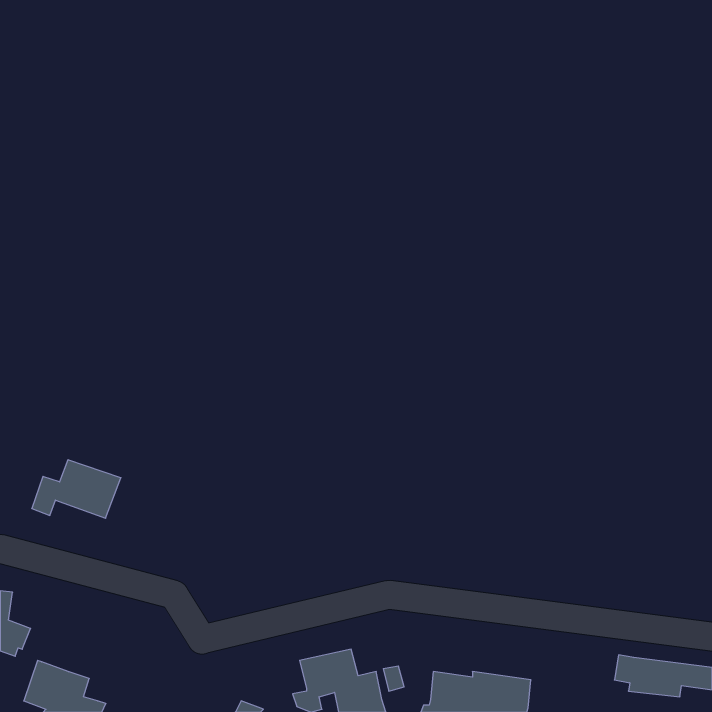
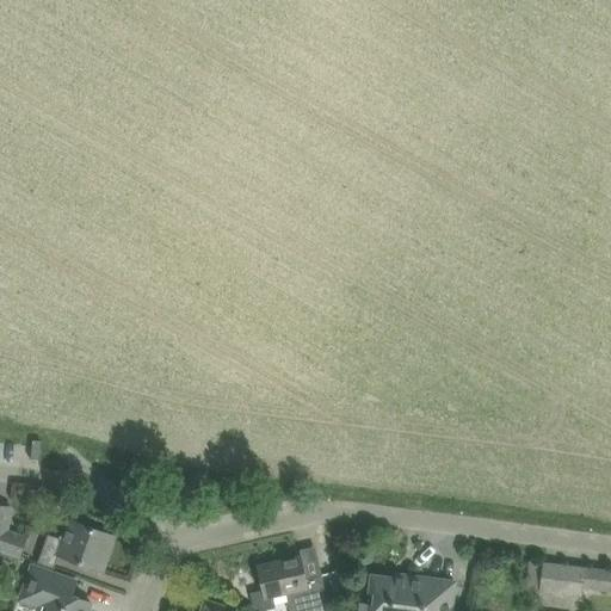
building: [32,460,121,518] -> [38,520,115,570]

